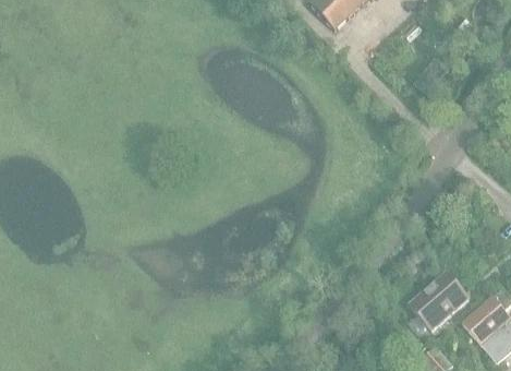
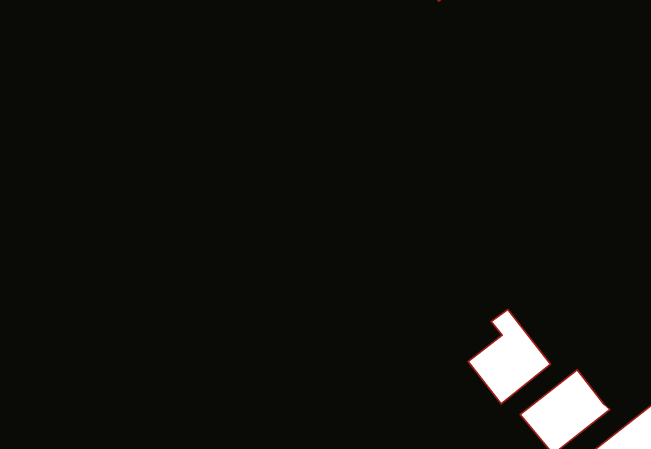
building: none -> [468,310,551,404]

